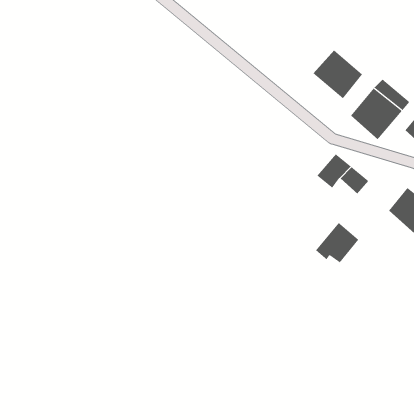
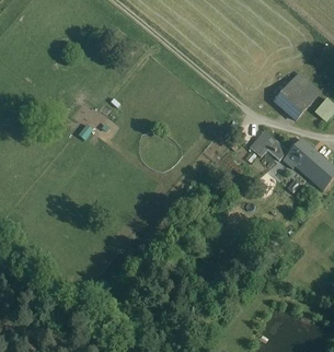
building: [313,50,363,99] -> none
building: [315,222,359,263] -> [283,140,315,171]

